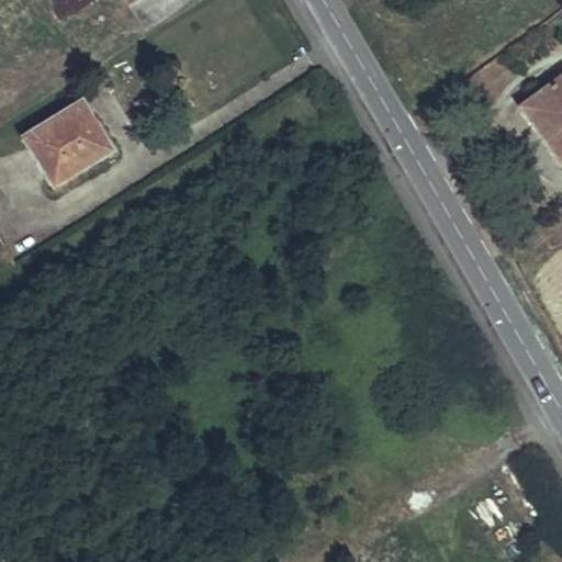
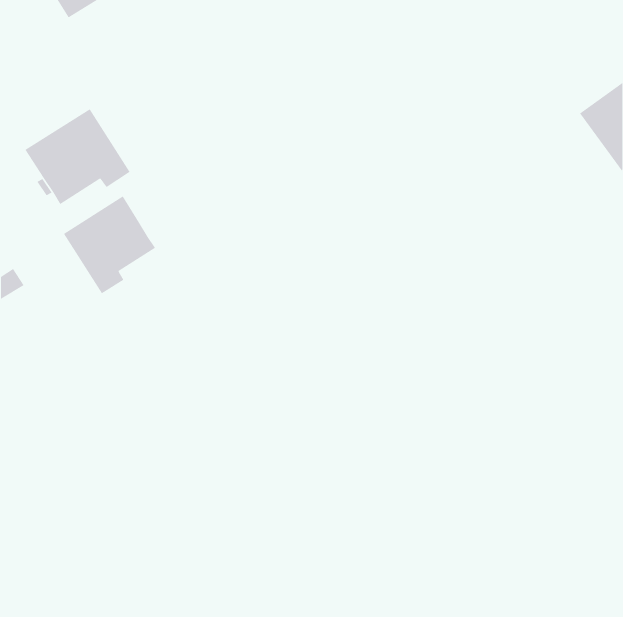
building: none -> [63,195,156,294]

